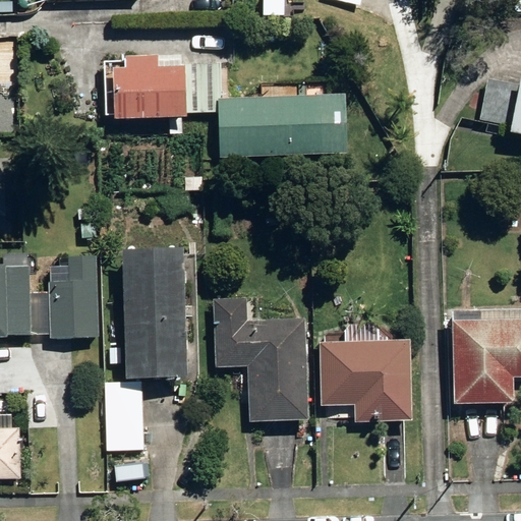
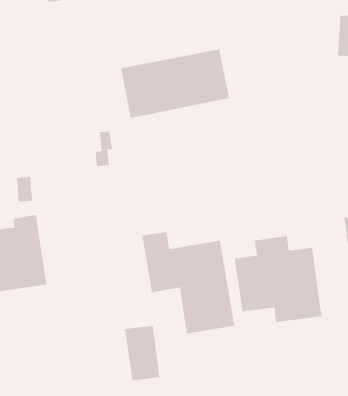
building: [104,56,215,116] -> none
building: [122,243,187,377] -> none
building: [108,390,142,452] -> [124,325,160,381]

